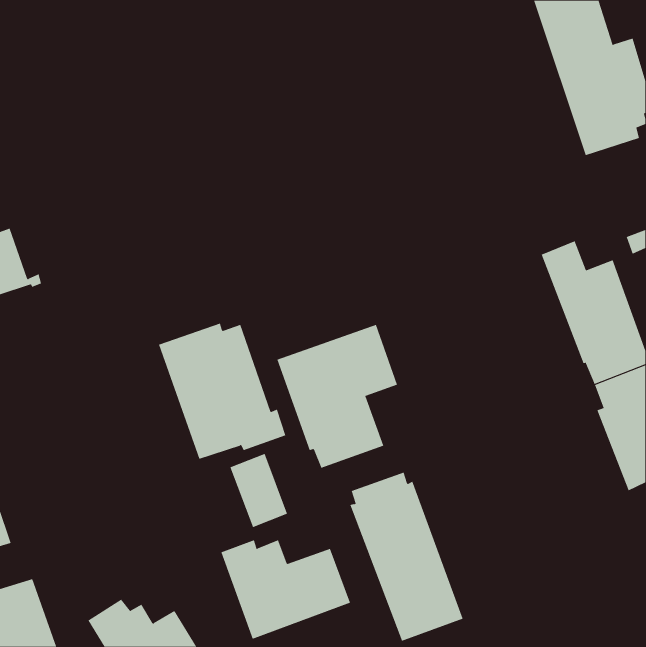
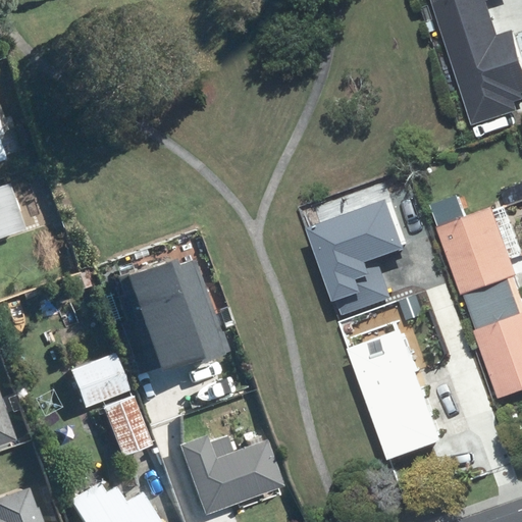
building: [276,324,398,468] -> [304,200,402,316]
building: none -> [70,353,127,407]
building: [230,453,288,528] -> [103,396,150,456]
building: [350,472,464,642] -> [358,319,450,456]

